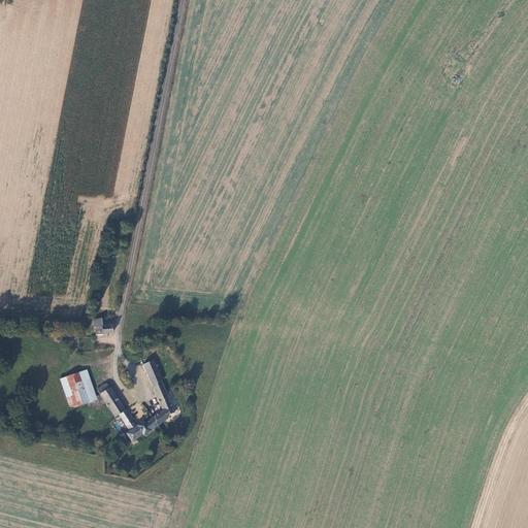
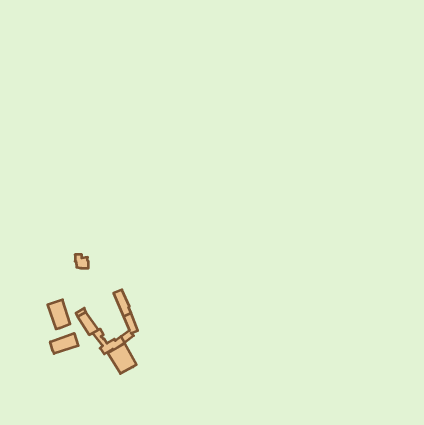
building: none -> [50,333,78,354]
building: none -> [108,343,136,374]

